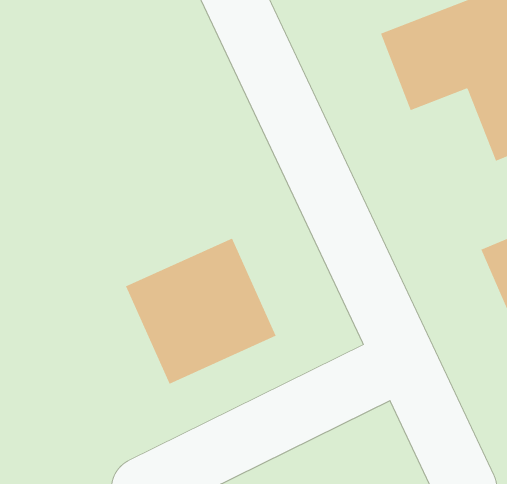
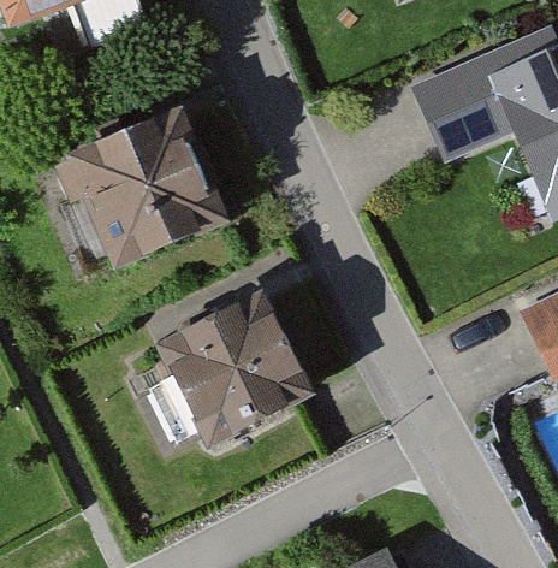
building: none -> [60,112,214,268]

